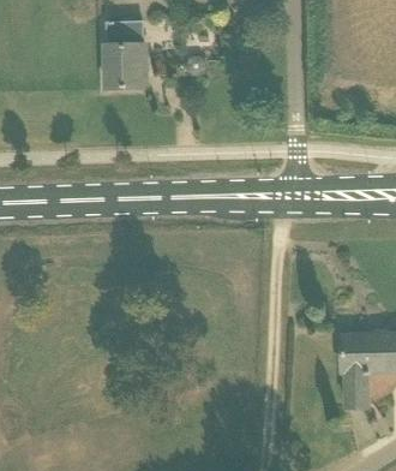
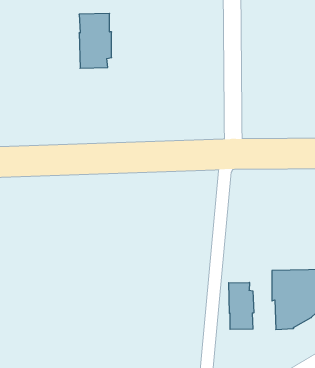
building: none -> [229,282,254,329]

